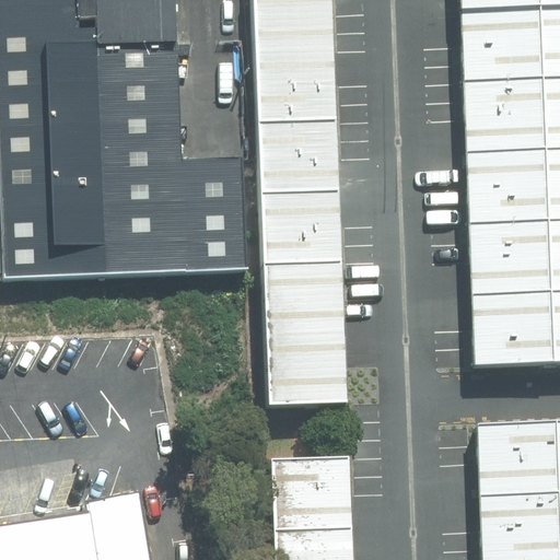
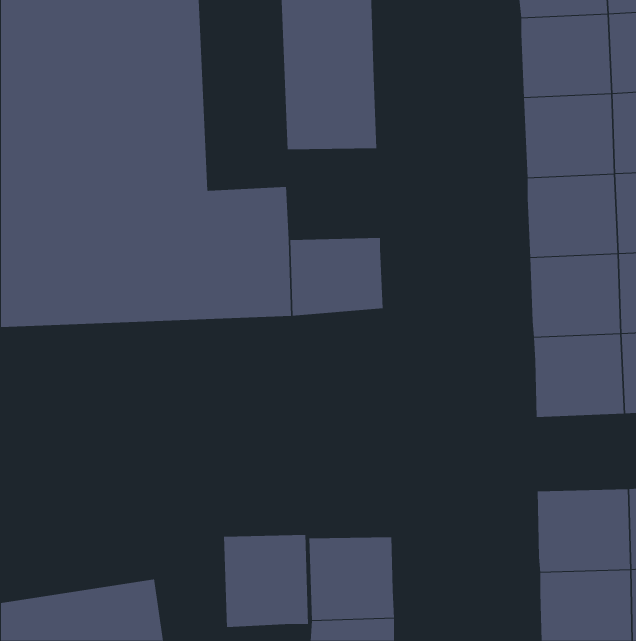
building: [258,128,339,207] -> none
building: [262,266,346,410] -> none
building: none -> [224,534,309,628]

